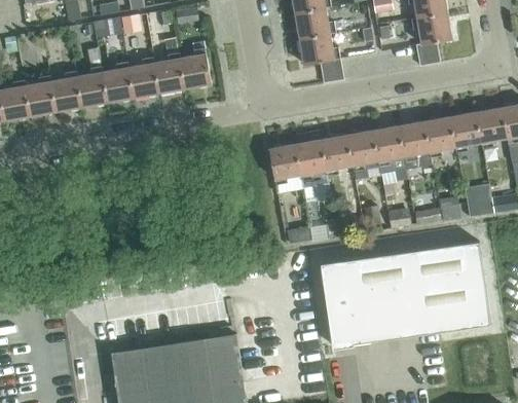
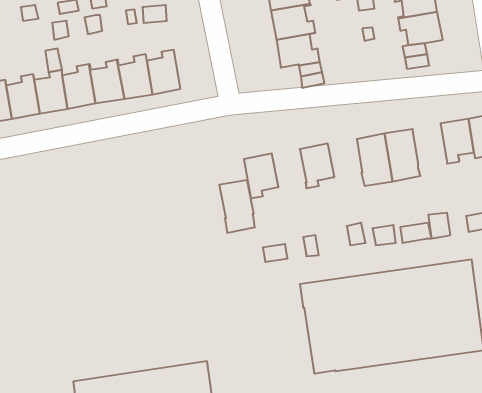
building: [424,115,455,156] -> none
building: [346,130,378,170] -> none
building: [295,139,328,187] -> [219,180,255,233]

